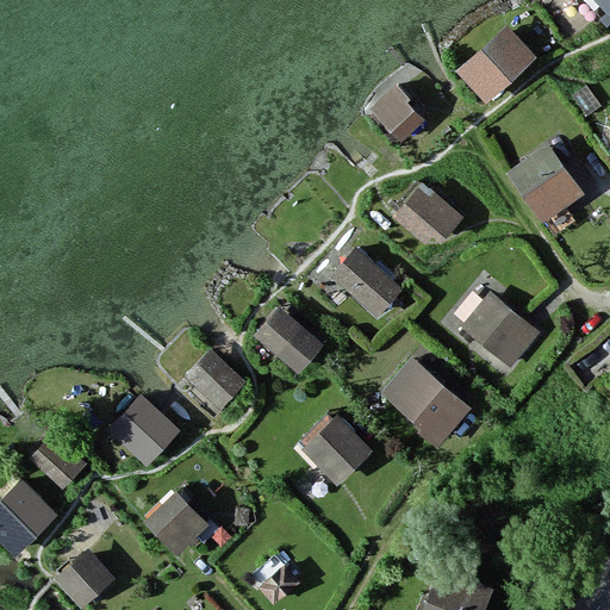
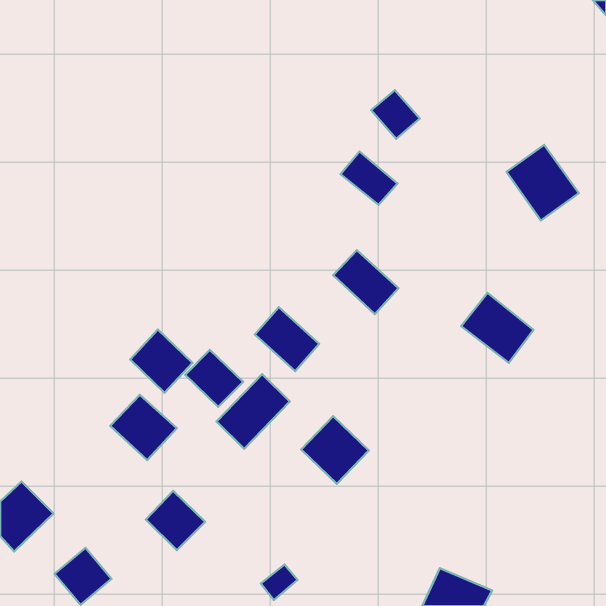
building: [461,29,533,99] -> none
building: [404,186,461,239] -> [341,152,398,205]
building: none -> [130,330,192,393]
building: [385,360,468,444] -> none
building: none -> [216,374,290,449]
building: [32,436,82,485] -> none

